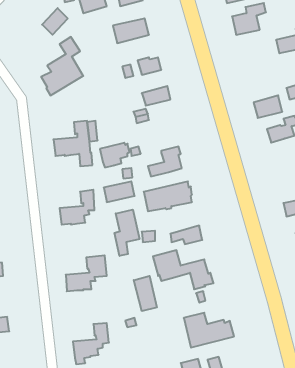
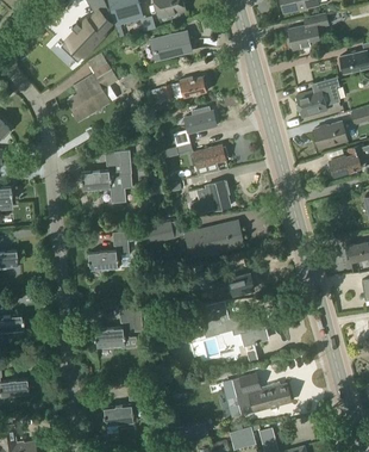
building: none -> [295,76,340,117]
building: [100,143,130,167] -> [193,144,227,173]
building: [114,210,139,256] -> none
building: [134,276,157,311] -> none

